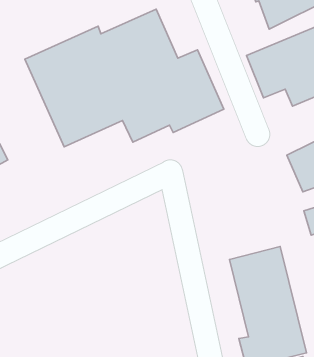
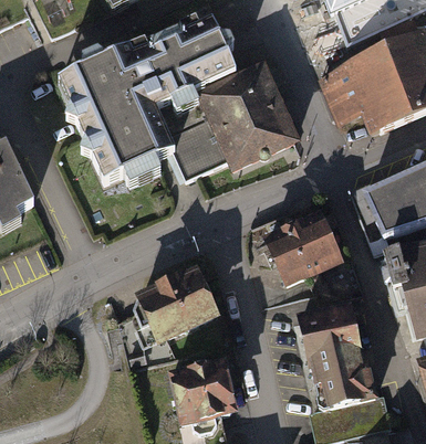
building: none -> [258,216,336,289]
building: none -> [133,258,219,337]
building: none -> [166,350,233,416]

